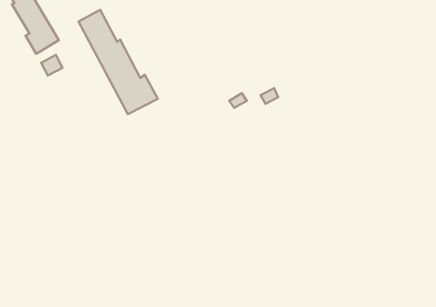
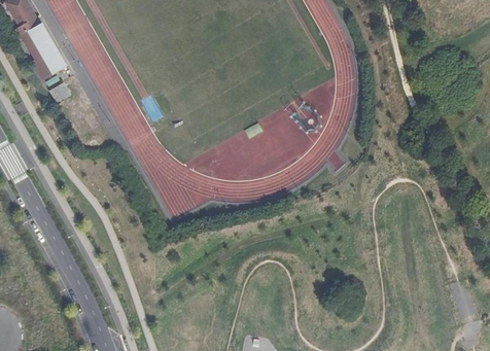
building: [78,10,158,114] -> none

